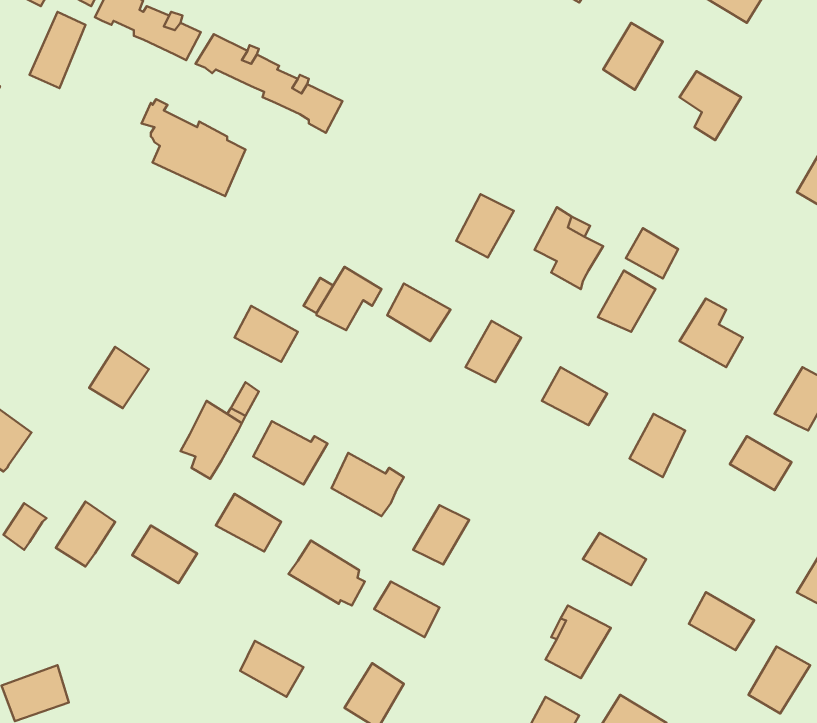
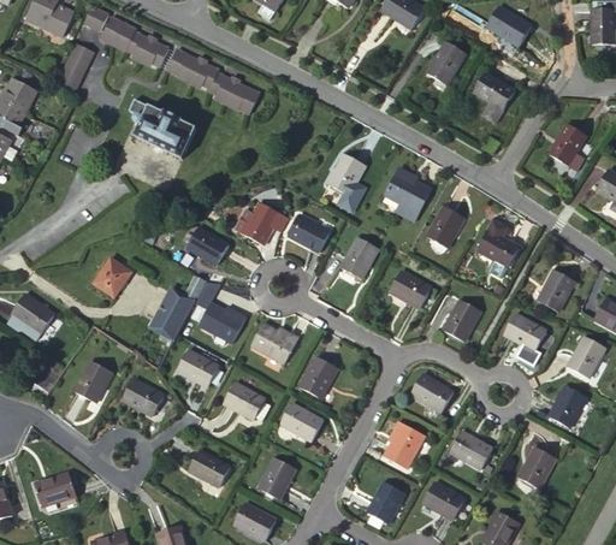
building: [626,228,678,278] -> none
building: [689,592,754,650] -> [449,437,491,474]

